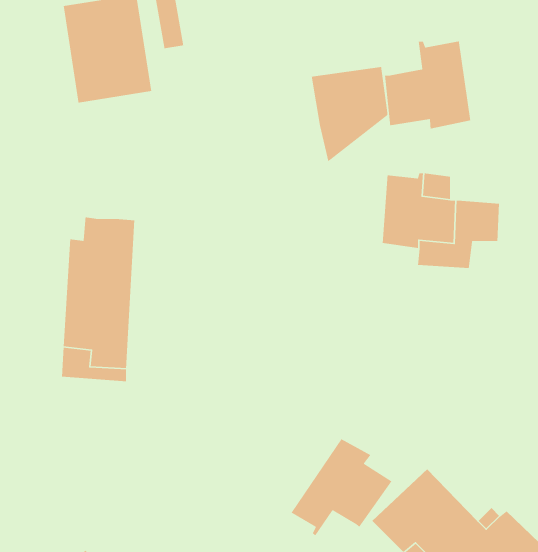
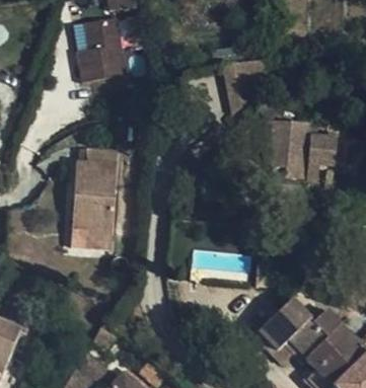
building: [384,41,471,130] -> none
building: [291,438,393,537] -> none

